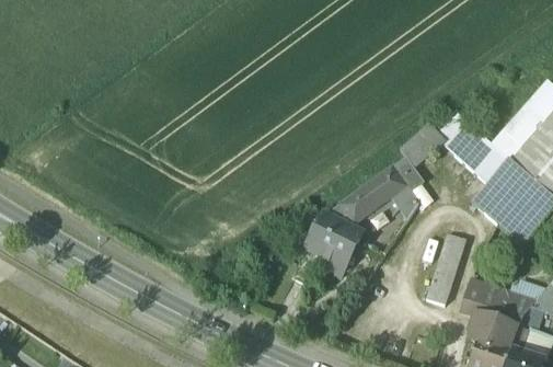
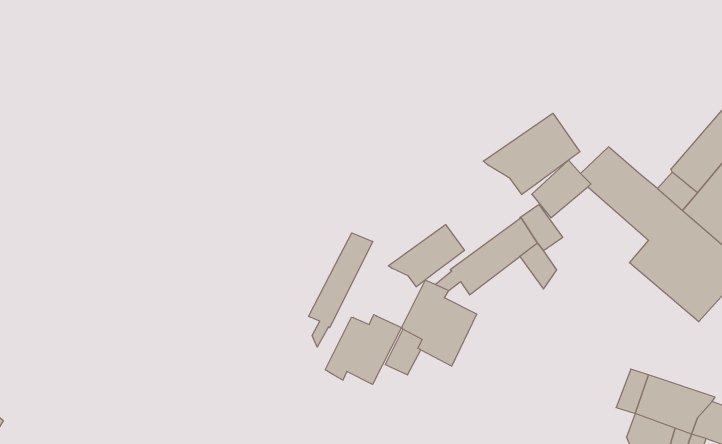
building: none -> [483,113,580,195]
building: none -> [388,225,464,287]
building: none -> [309,233,373,347]
building: [426,230,468,301] -> none
building: none -> [325,315,401,384]

